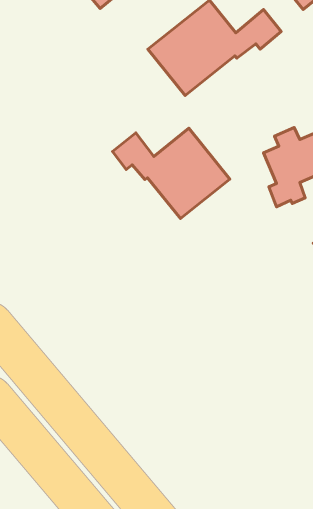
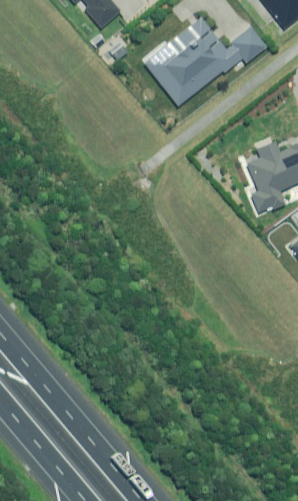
building: [113,128,230,218] -> none

